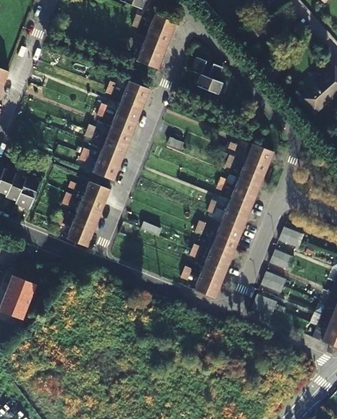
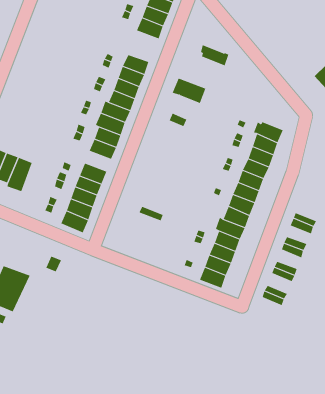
building: [190,58,222,82] -> [172,78,206,104]

